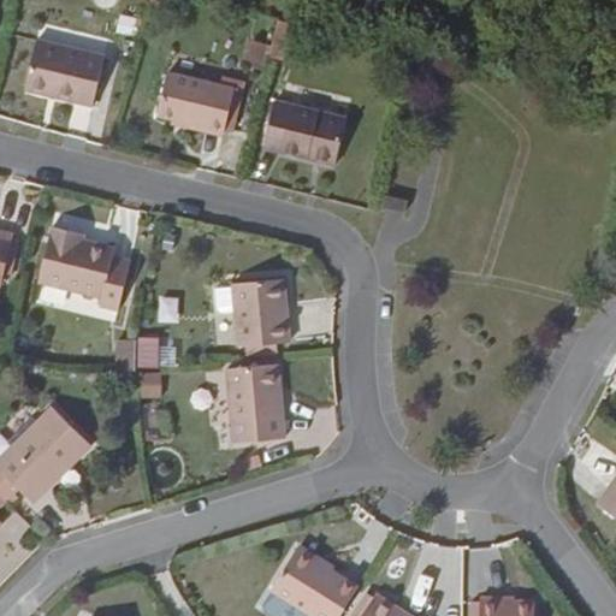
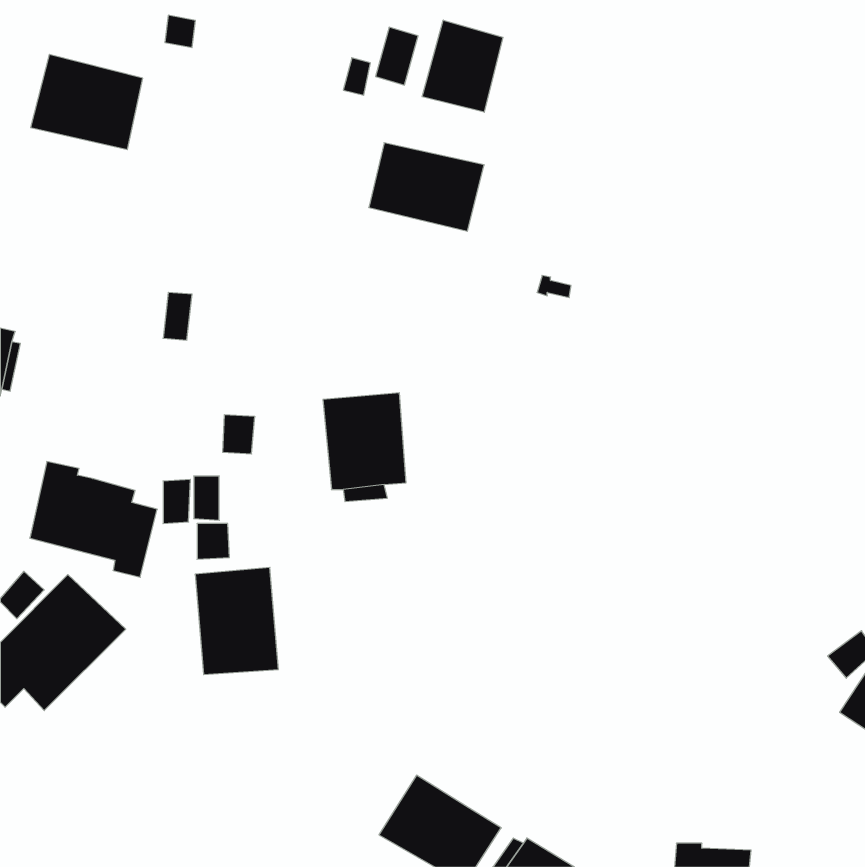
building: none -> [422,20,503,112]
building: [158,71,235,131] -> none
building: [40,227,130,309] -> [30,462,157,577]
building: [226,365,285,440] -> [195,567,278,675]

